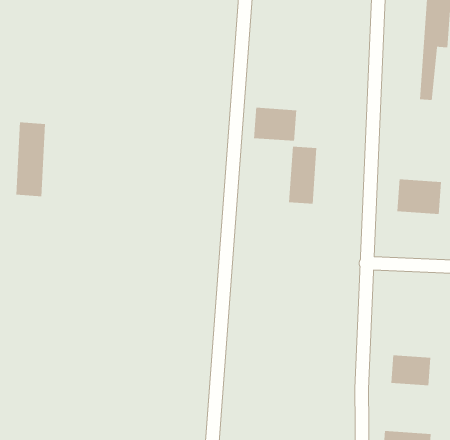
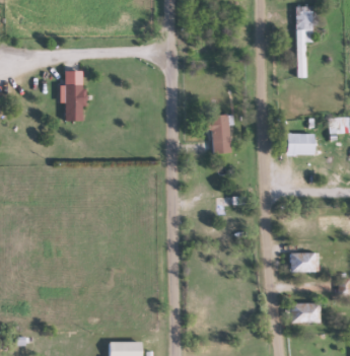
building: [254,107,297,142] -> none
building: [15,122,46,197] -> [65,71,84,121]

